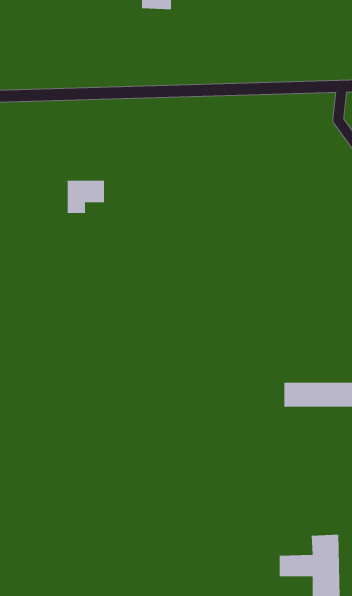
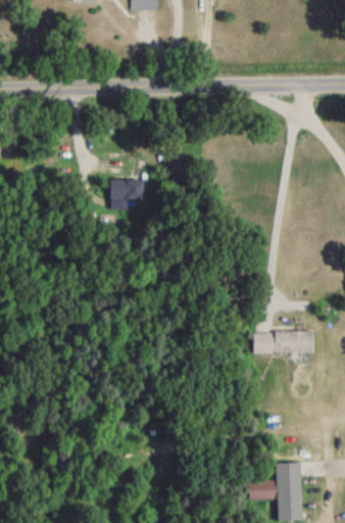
building: [67,180,105,213] -> [111,180,144,208]

